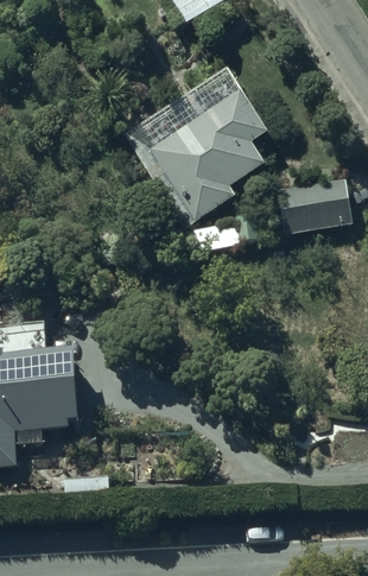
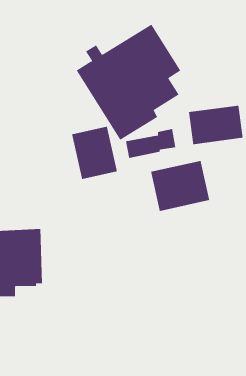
building: none -> [72,126,118,180]
building: none -> [150,160,210,212]

